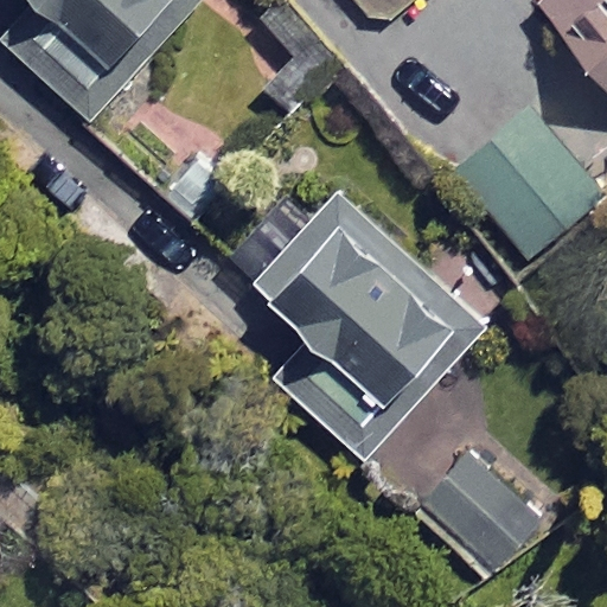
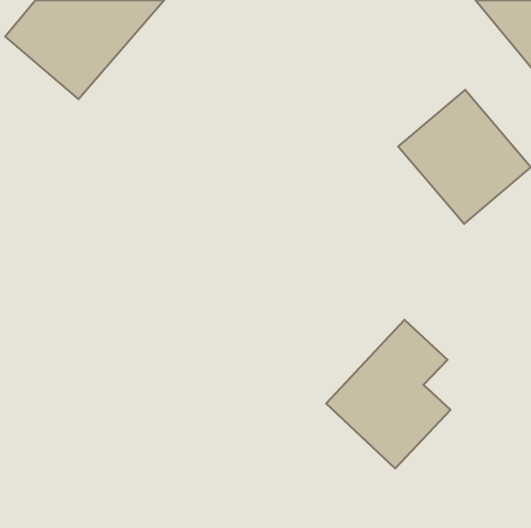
building: [254,194,456,396] -> none

